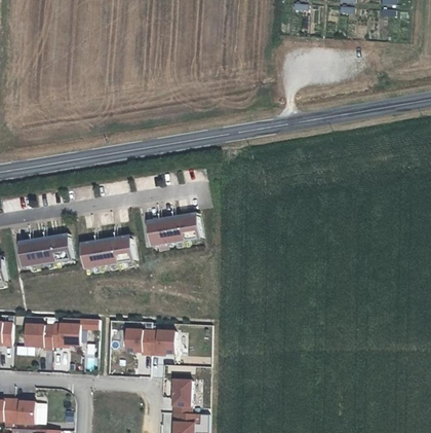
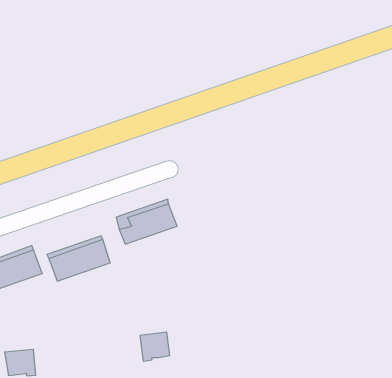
building: [50,324,79,347] -> none
building: [124,329,149,354] -> none

